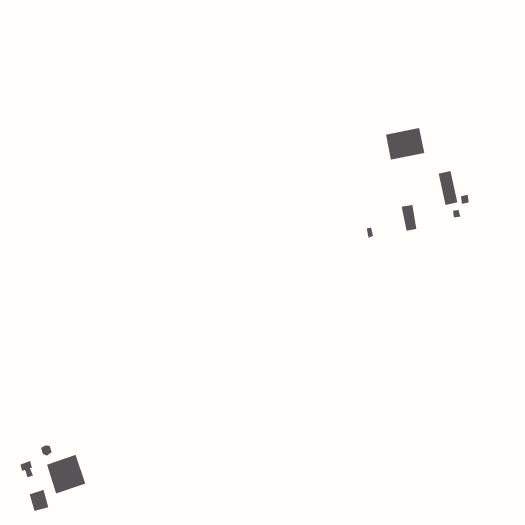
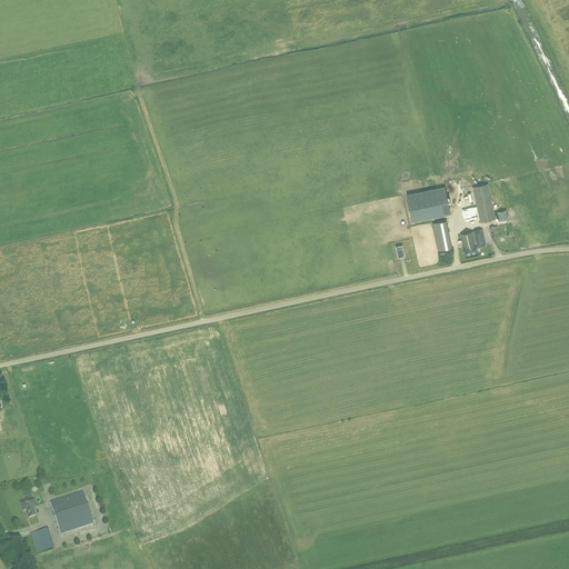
building: [385,127,425,160] -> [407,187,450,222]
building: none -> [460,229,486,254]

